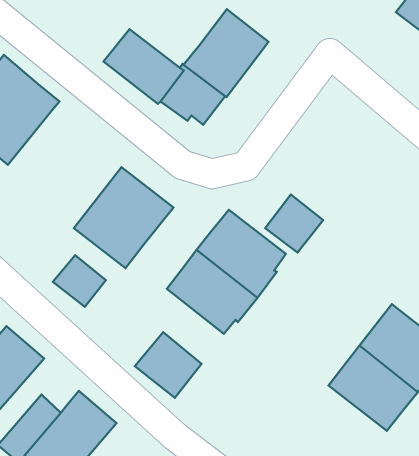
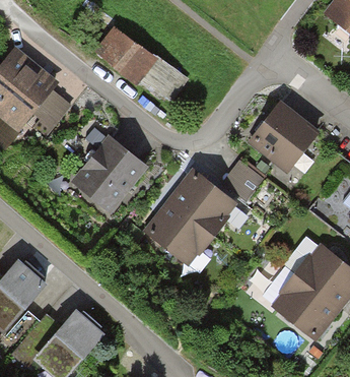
building: [184,9,269,97] -> none
building: none -> [27,89,72,136]
building: none -> [247,101,320,174]
building: [53,255,106,307] -> none
building: [135,332,202,398] -> none

